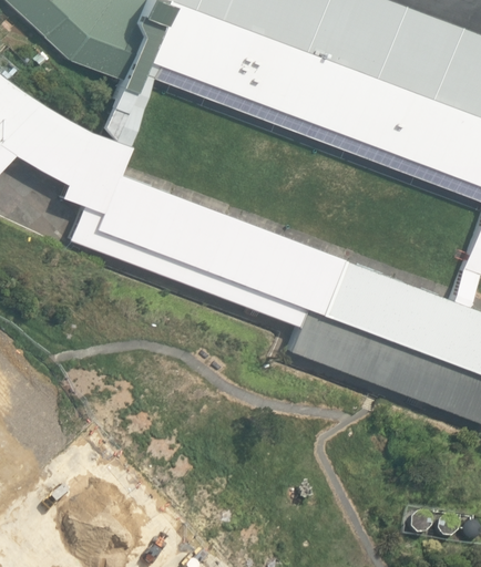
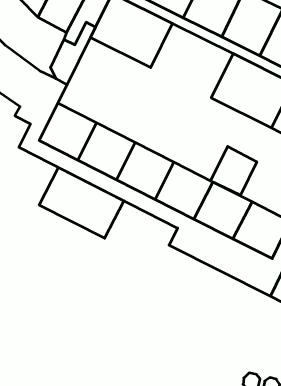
building: [237,48,347,143] -> none
building: none -> [210,146,257,195]
building: none -> [39,167,124,238]

